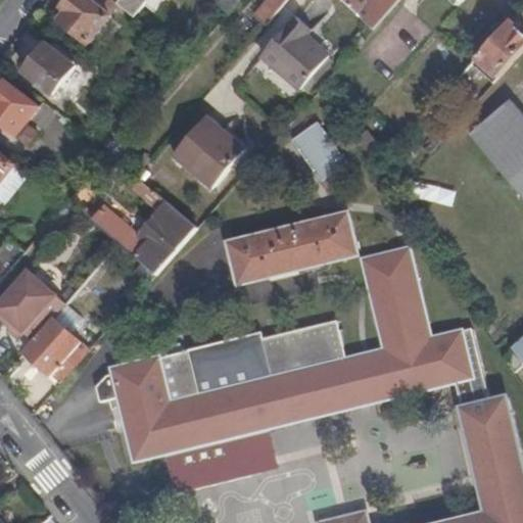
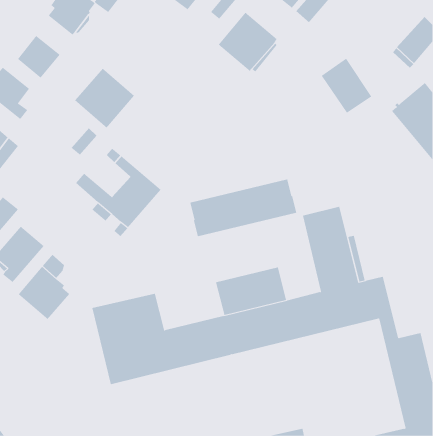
building: [171,114,243,187] -> [74,68,135,128]
building: [287,117,348,184] -> [321,58,372,114]
building: [186,333,268,394] -> none

